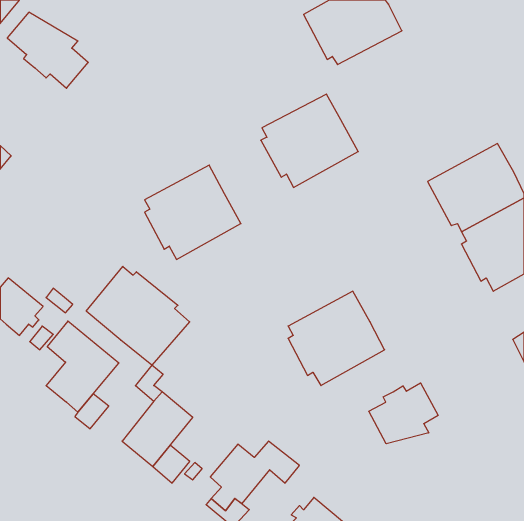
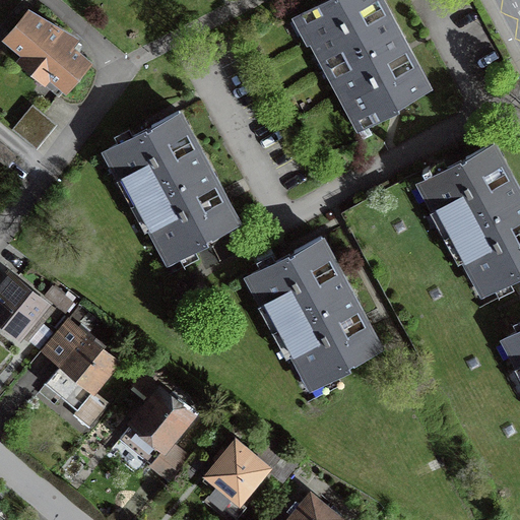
building: [261,94,358,187] -> [333,34,430,126]
building: none -> [14,109,55,149]
building: none -> [110,114,207,201]
building: none -> [252,239,349,326]
building: [86,266,190,365] -> none
building: [369,383,438,444] -> none

